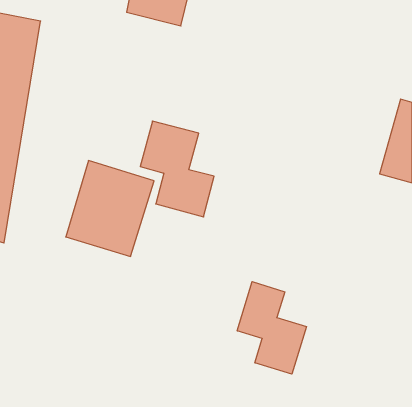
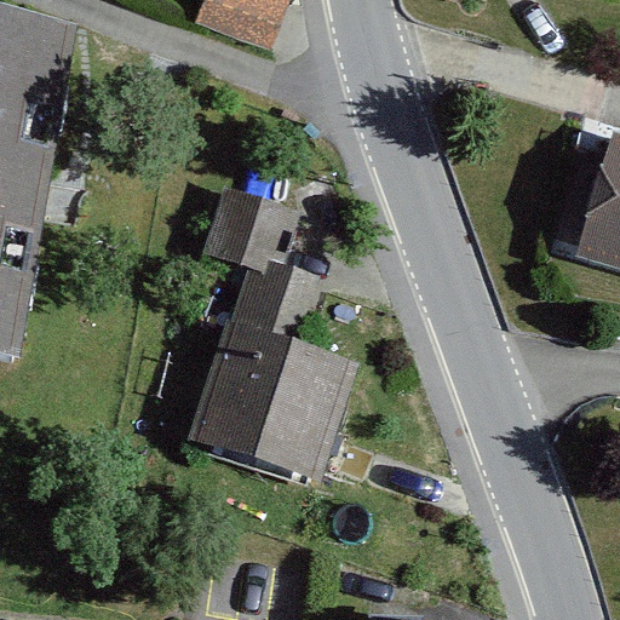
building: [66,161,154,256] -> [195,339,327,482]
building: [237,282,306,374] -> none

